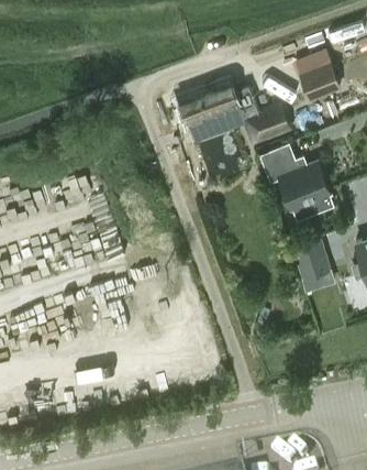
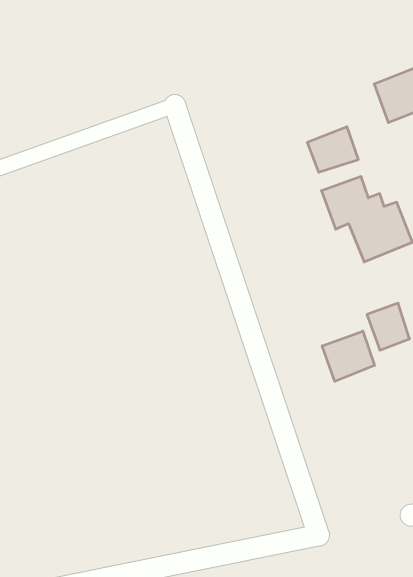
building: [181,79,245,139] -> none
building: none -> [322,331,374,381]

